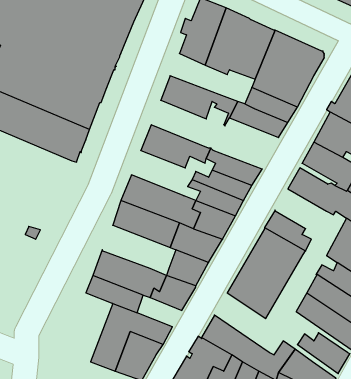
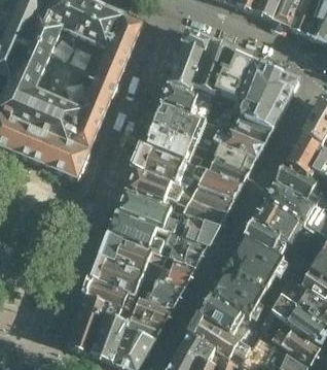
building: none -> [160,81,211,117]
building: none -> [144,123,198,165]
building: none -> [198,138,256,183]
building: none -> [126,167,183,207]
building: none -> [253,201,298,240]
building: none -> [101,233,166,271]
building: none -> [68,293,110,354]
building: none -> [199,293,260,345]
building: none -> [132,295,171,323]

